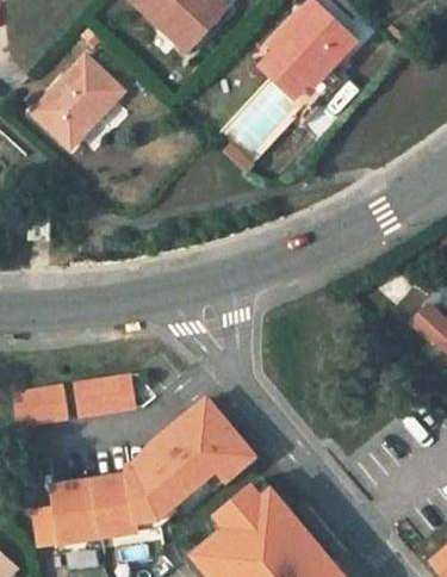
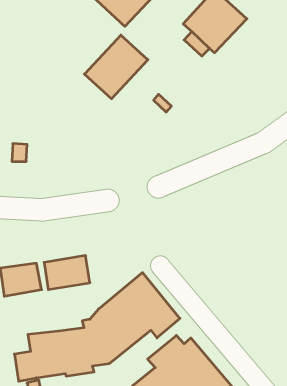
building: [29,56,118,145] -> [84,35,148,99]

